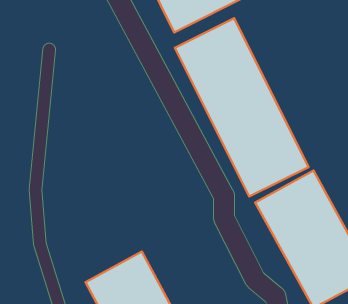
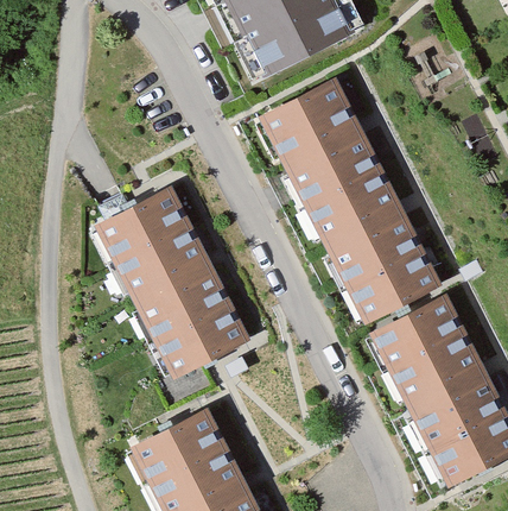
building: none -> [90,184,249,380]

